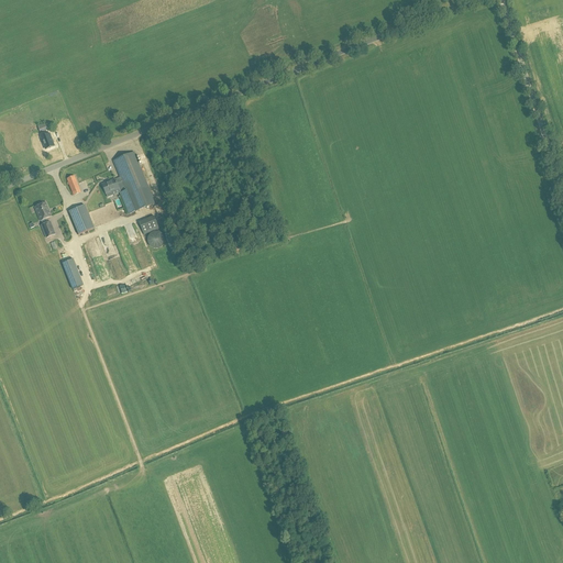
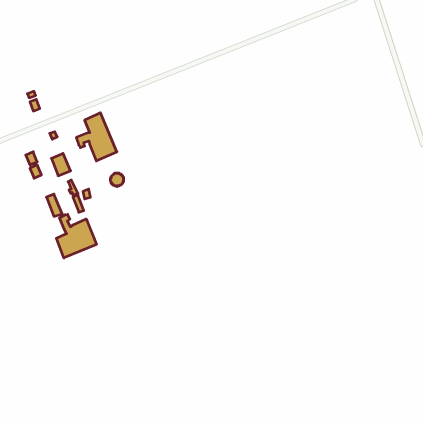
building: none -> [56,214,96,258]

